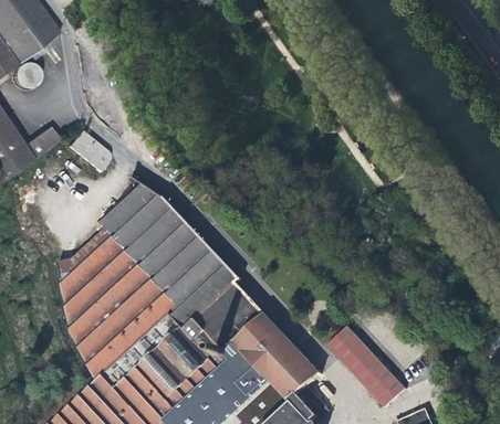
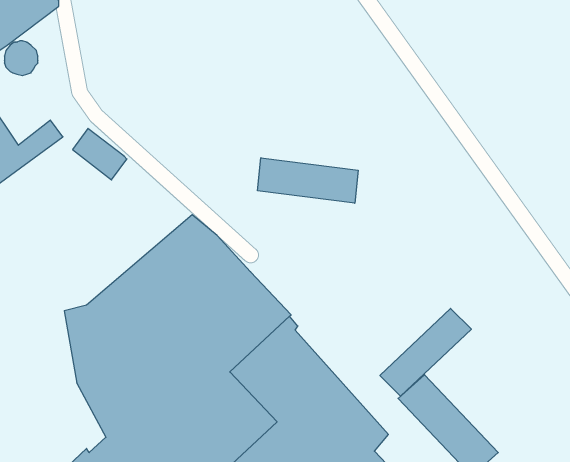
building: none -> [258,158,358,203]
building: [58,187,162,274] -> none
building: none -> [380,308,471,396]

